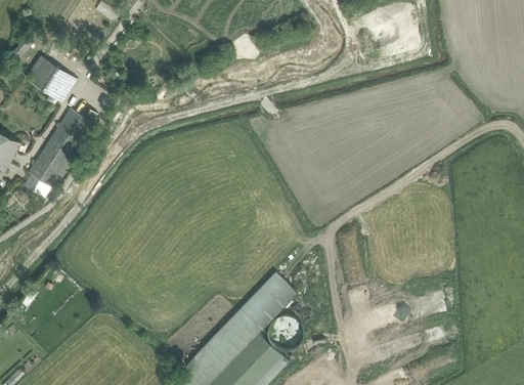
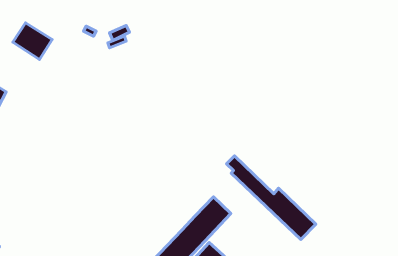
building: [28,112,91,189] -> none
building: none -> [227,156,316,240]

